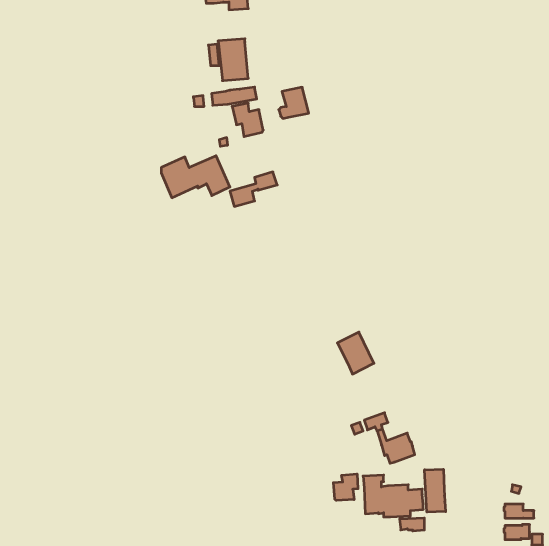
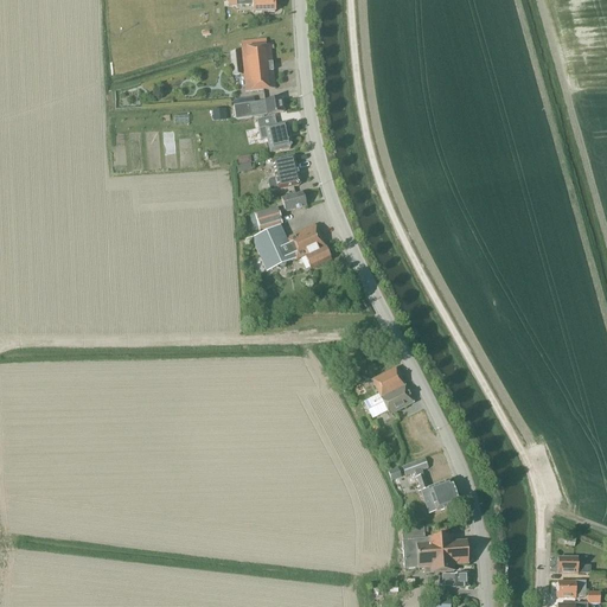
building: [279,87,309,118] -> [267,154,300,189]
building: [161,156,230,198] -> [254,223,330,269]
building: [425,469,446,512] -> none
building: [333,474,358,500] -> none

